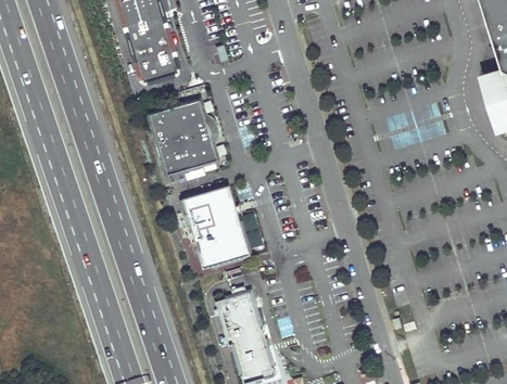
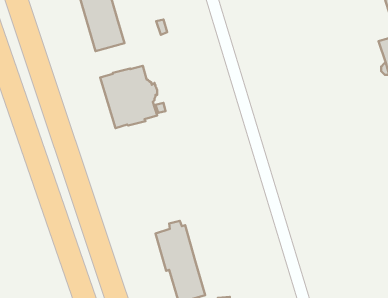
building: [182,185,250,269] -> none

